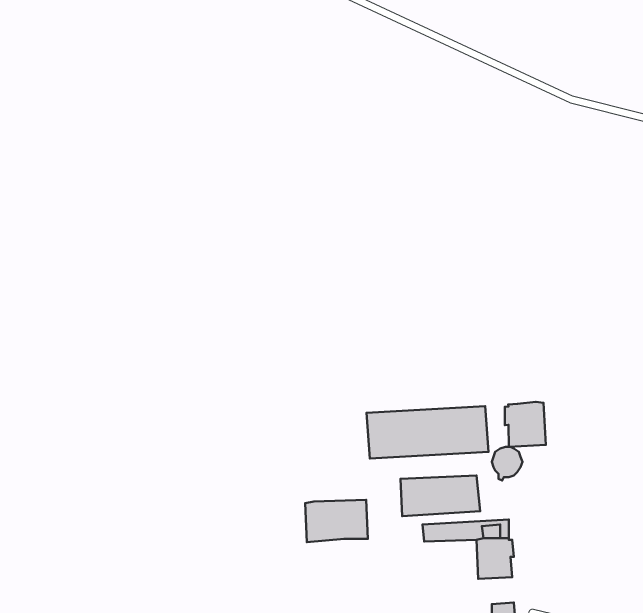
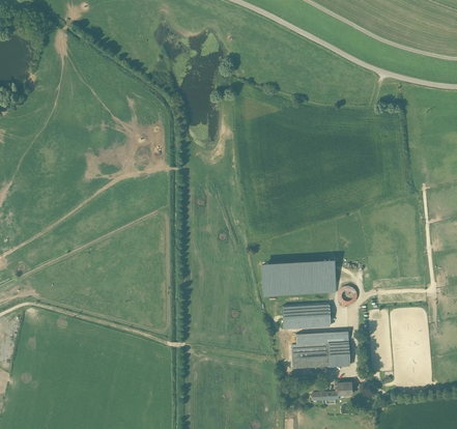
building: [505,402,546,447] -> none
building: [305,500,368,542] -> [291,343,330,369]

